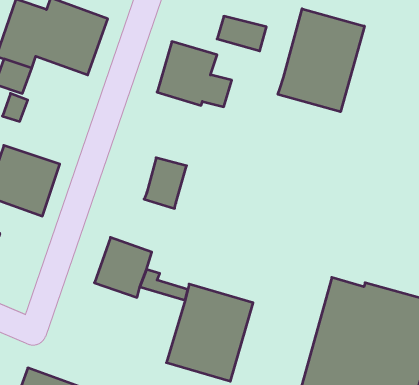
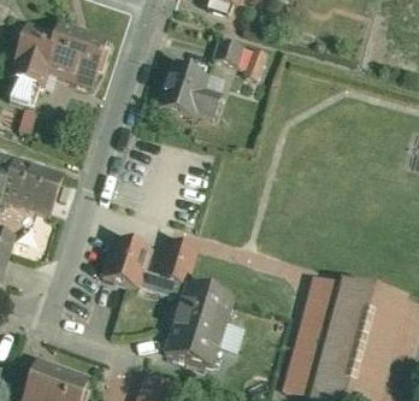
building: [278,9,364,112] -> none
building: [144,158,187,208] -> [154,238,193,284]

